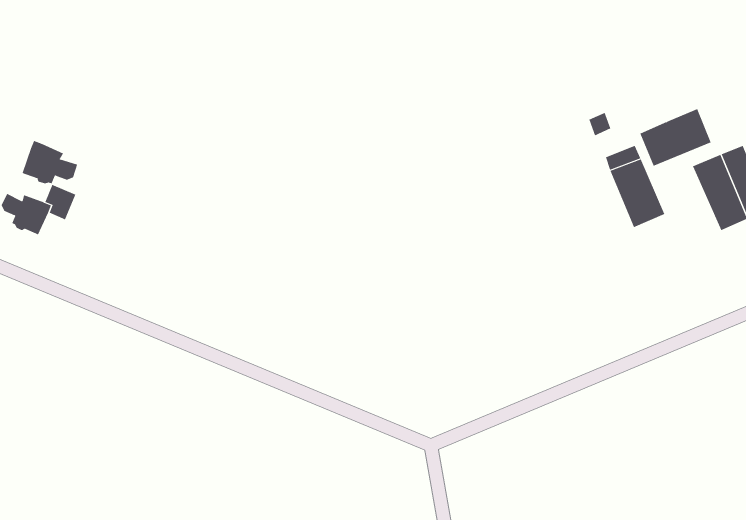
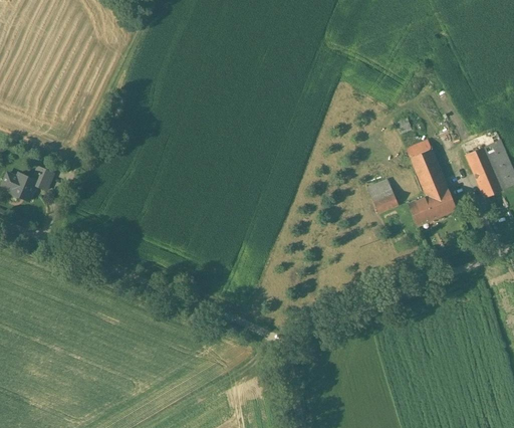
building: [639,108,712,167] -> [408,186,456,225]
building: [22,140,78,184] -> none
building: none -> [367,180,398,212]

